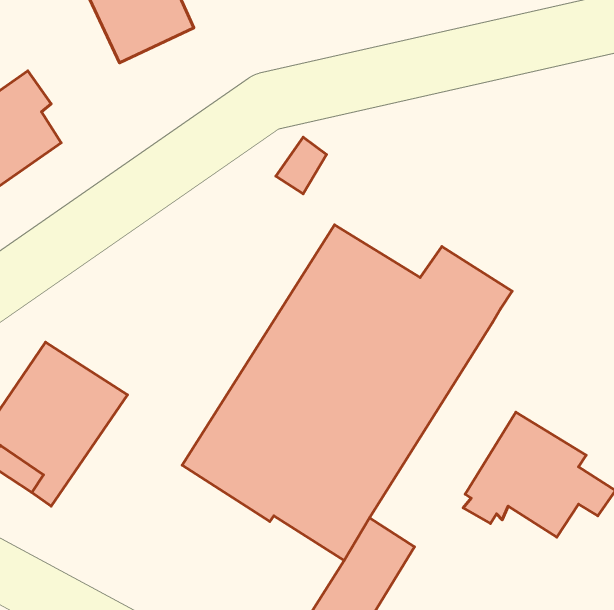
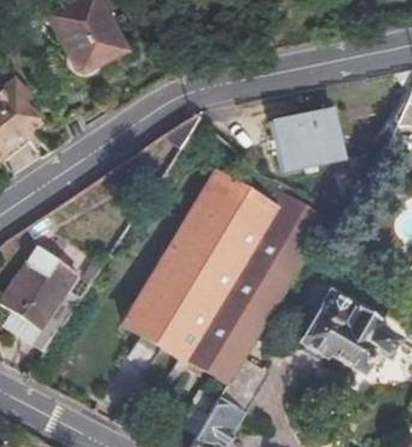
building: none -> [268,108,340,169]

